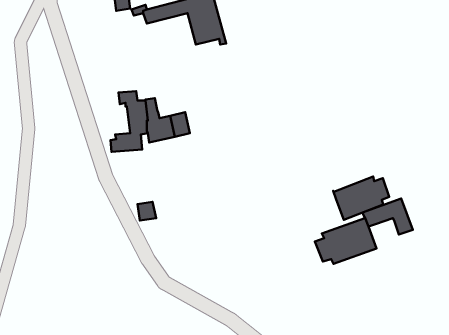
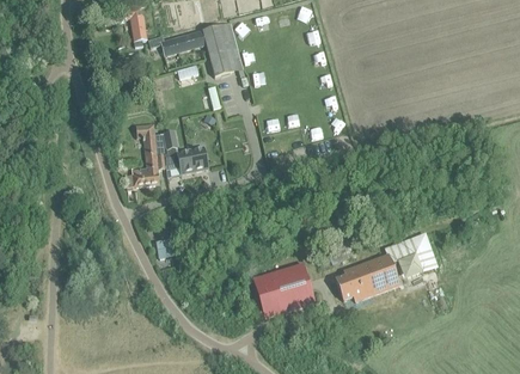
building: [333,177,389,220] -> none
building: none -> [252,262,314,317]

